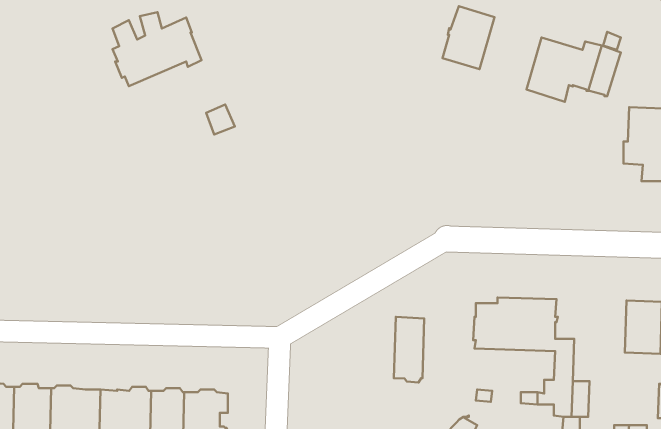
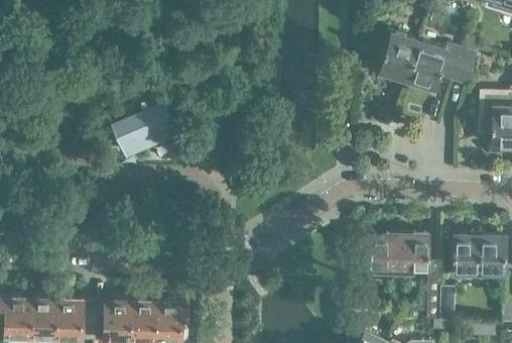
building: [442,6,494,69] -> [380,33,418,80]
building: [112,12,201,86] -> [113,99,178,153]
building: none -> [454,235,481,273]
building: [394,317,424,382] -> none

